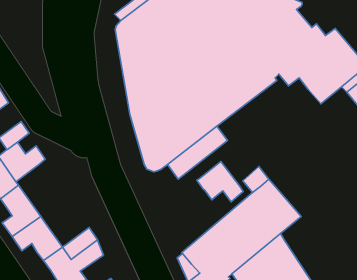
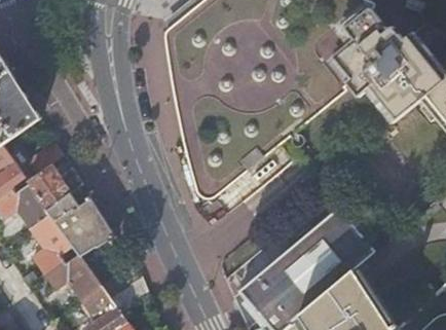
building: [197,161,243,202] -> none
building: none -> [48,189,115,257]

